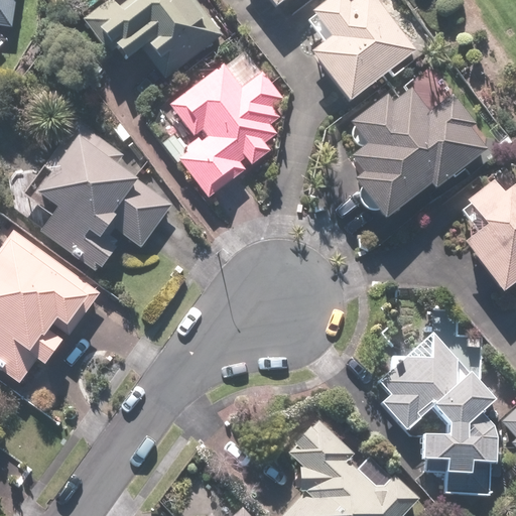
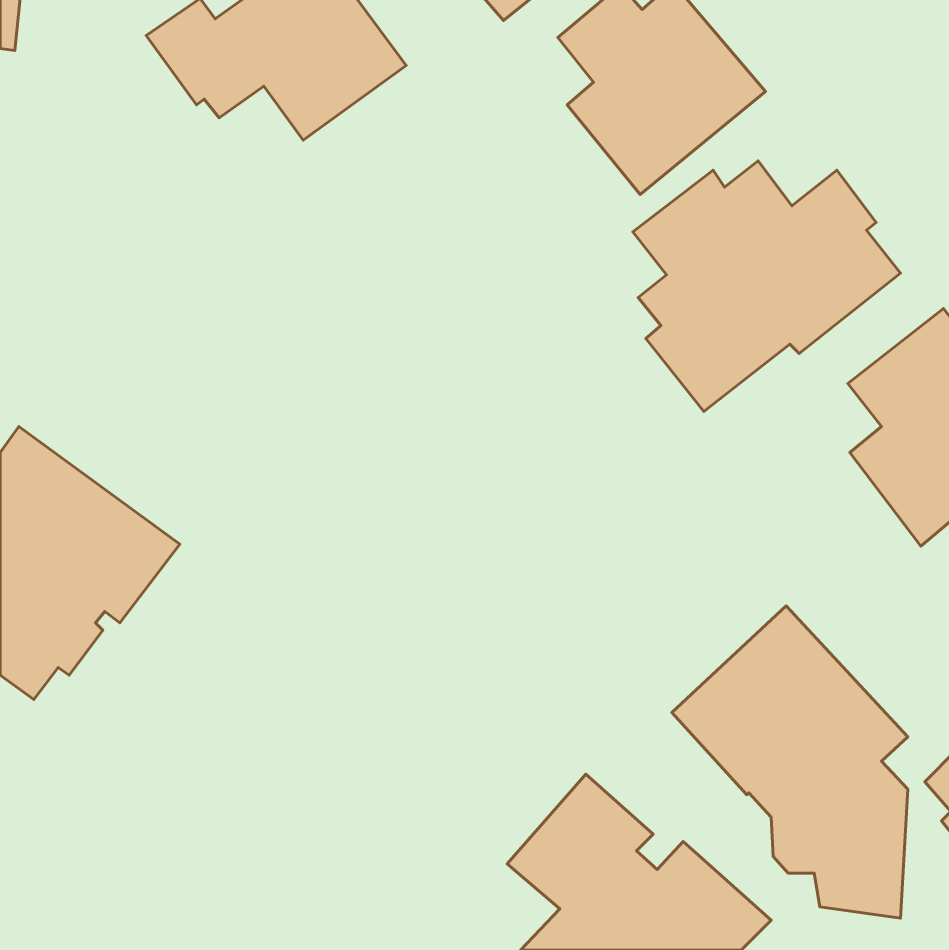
building: [166,63,283,200] -> none
building: [31,121,172,267] -> none

